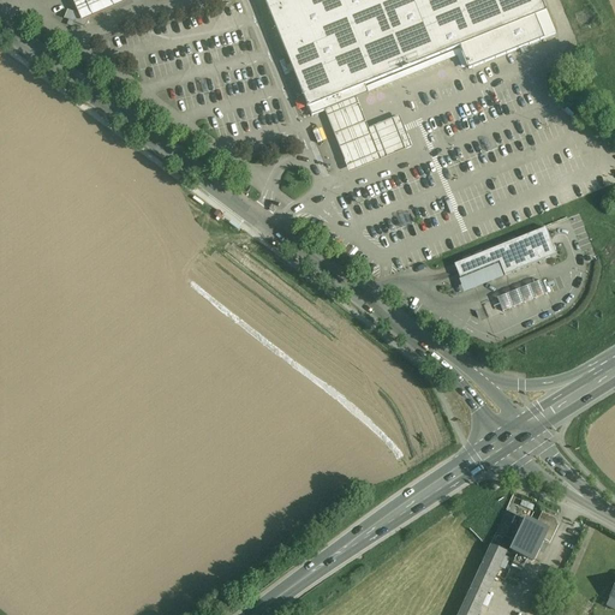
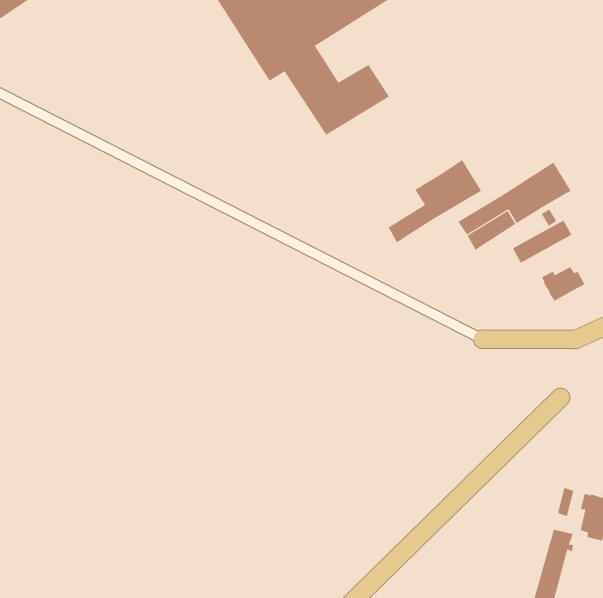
building: none -> [388,159,482,243]
building: none -> [541,266,585,302]

